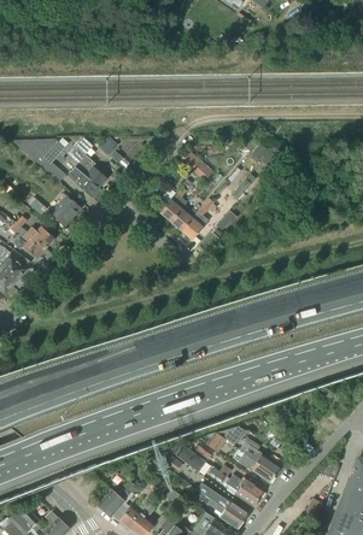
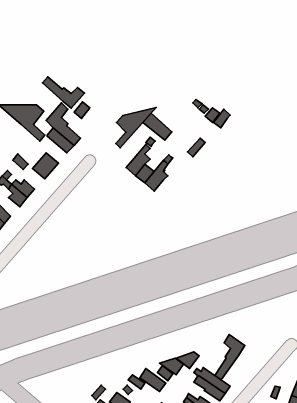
building: none -> [42,77,85,108]
building: none -> [116,107,156,148]
building: none -> [215,335,245,380]

